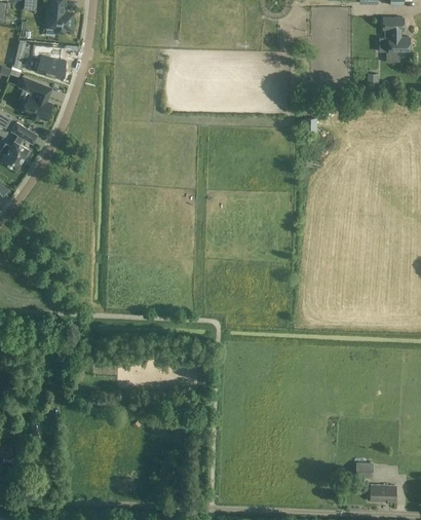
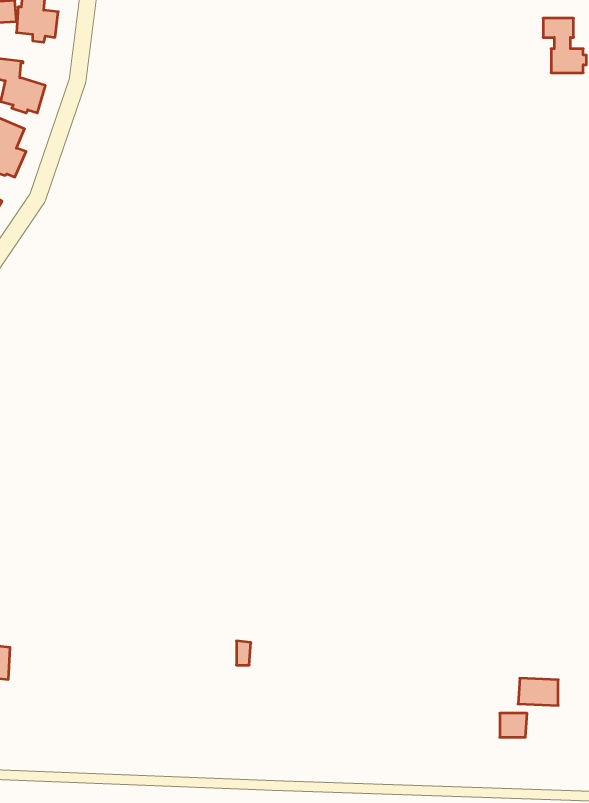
building: [370,484,395,502] -> [518,678,558,705]

